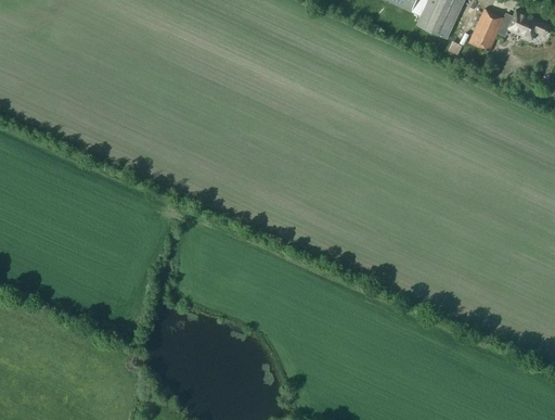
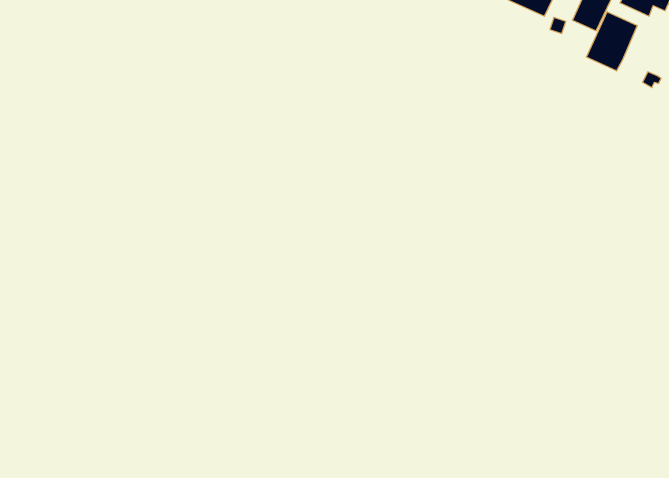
building: none -> [587,12,637,71]

